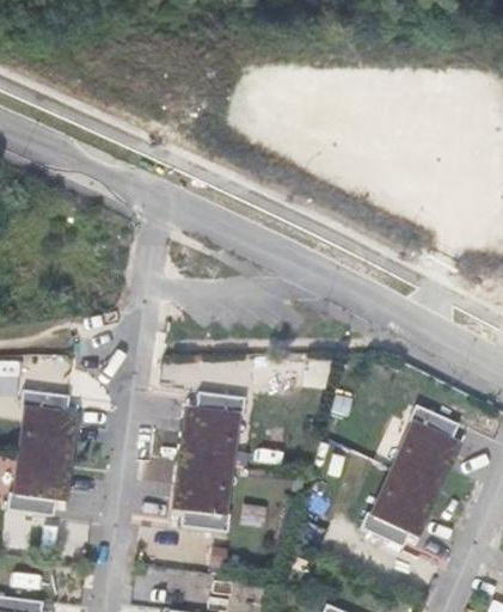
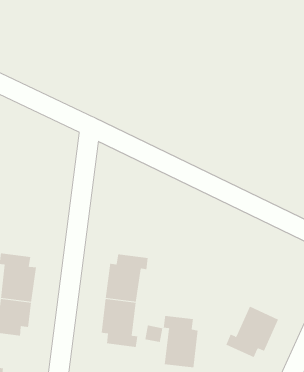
building: [395,405,461,490] -> none
building: none -> [163,315,198,368]

